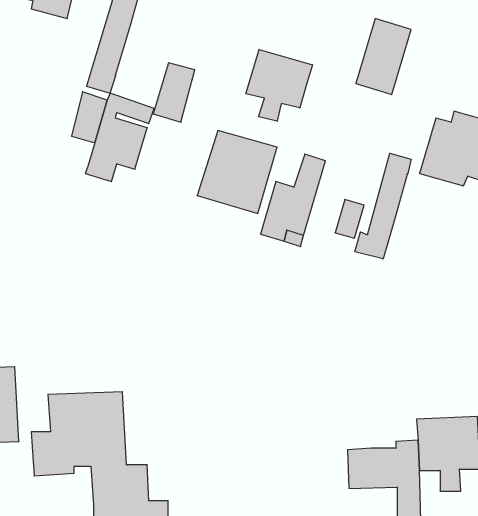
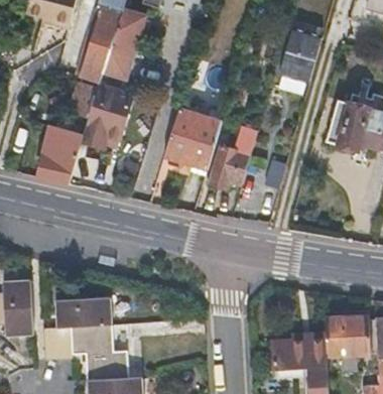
building: [246,49,313,121] -> none
building: [153,63,195,122] -> [104,31,134,75]
building: [355,153,411,259] -> none
building: none -> [35,126,84,183]

